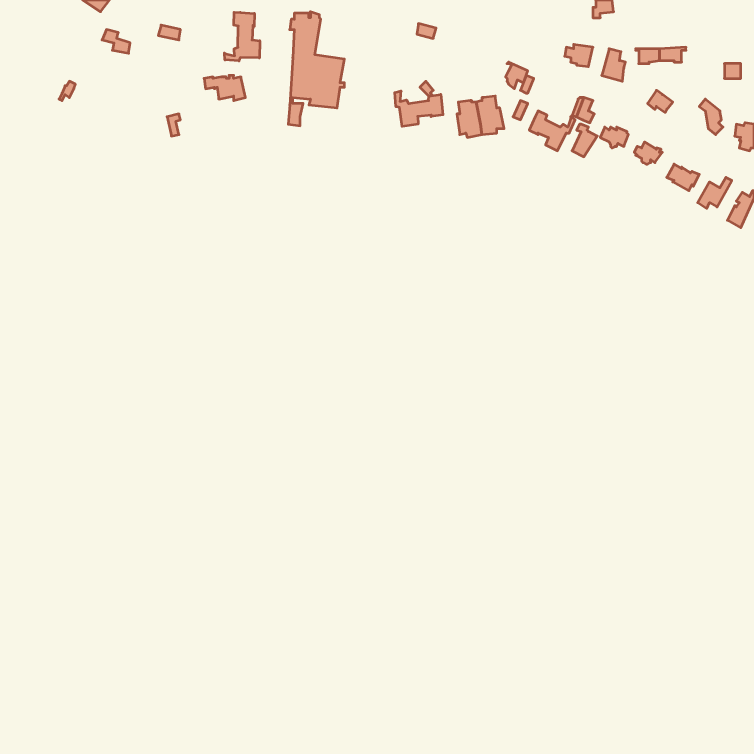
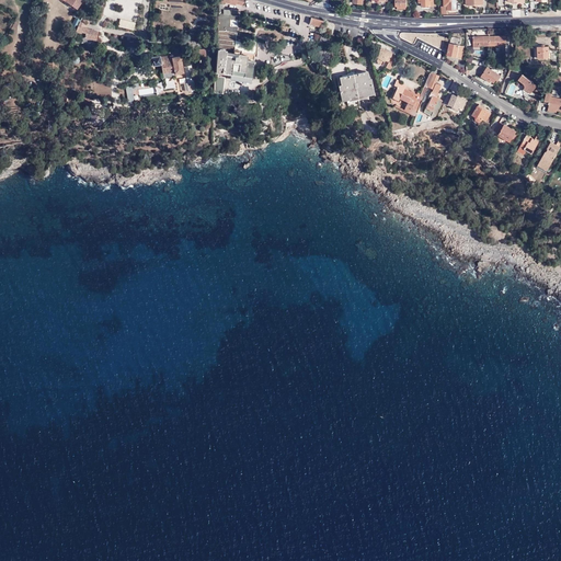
building: [224,12,260,61] -> none
building: [395,91,443,126] -> none

